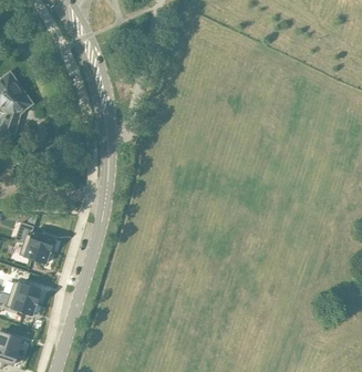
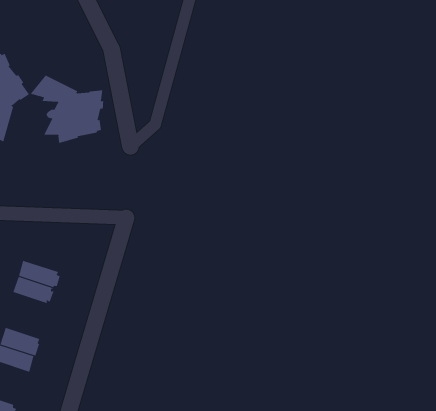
building: none -> [30,74,104,144]

